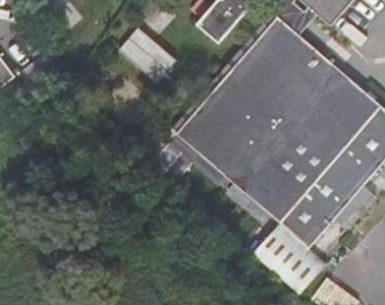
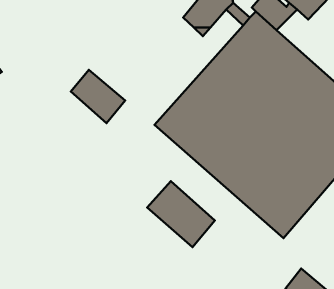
building: [116,33,172,87] -> [71,70,125,123]
building: [251,226,321,294] -> [147,181,215,247]

